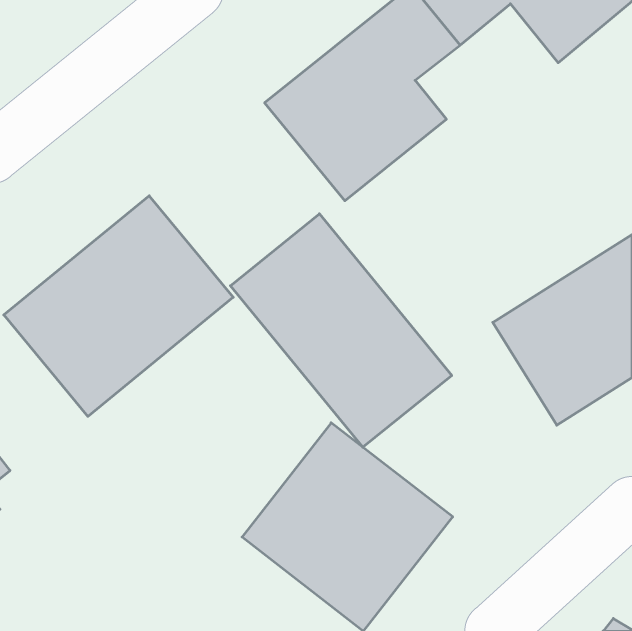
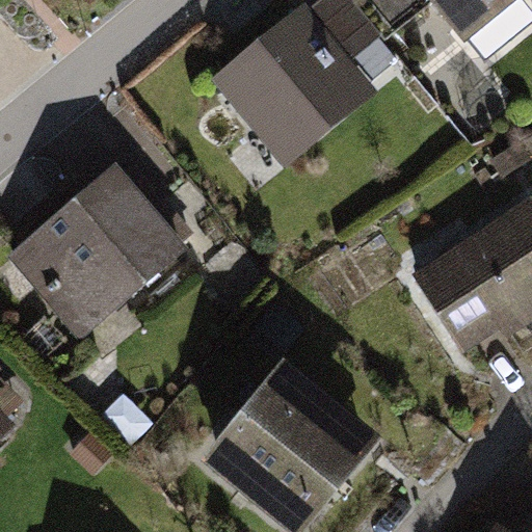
building: [230,214,452,447] -> none

